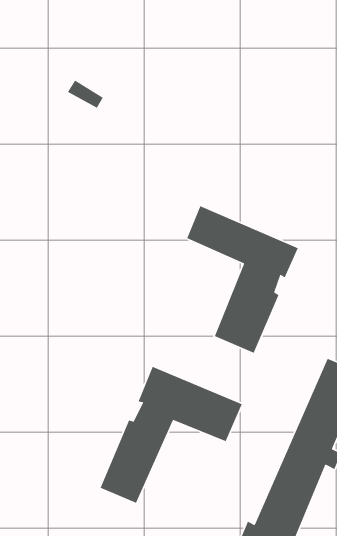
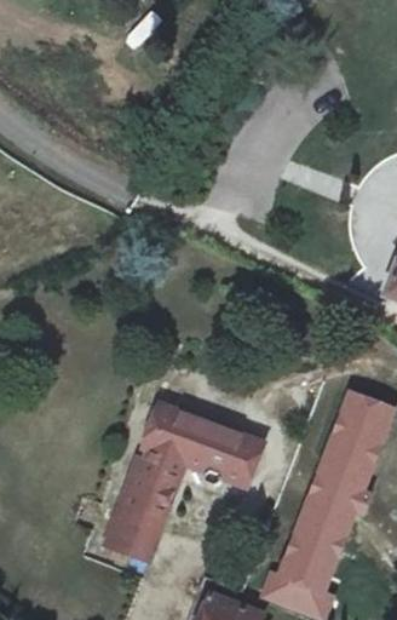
building: [186,205,299,354] -> none

